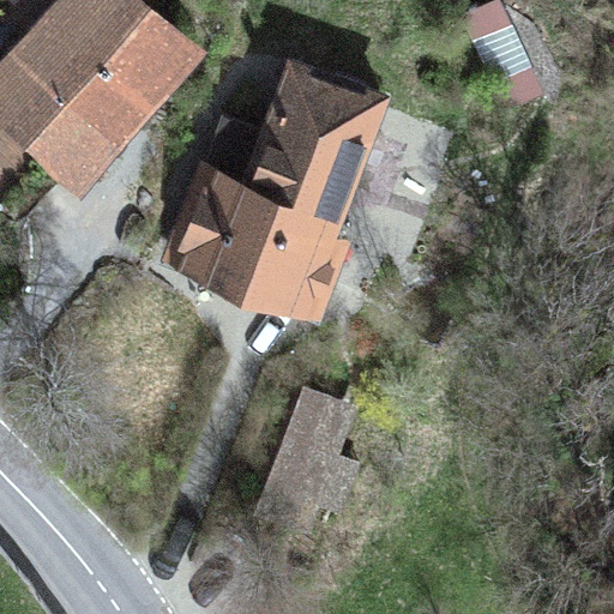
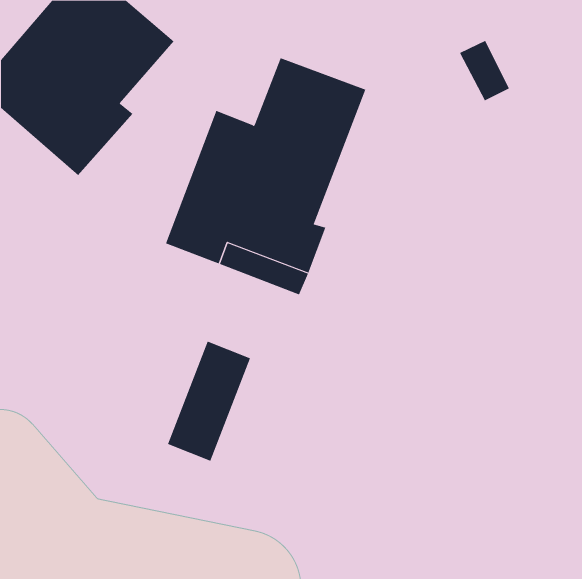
building: [253,397,341,523] -> [167,341,251,462]

